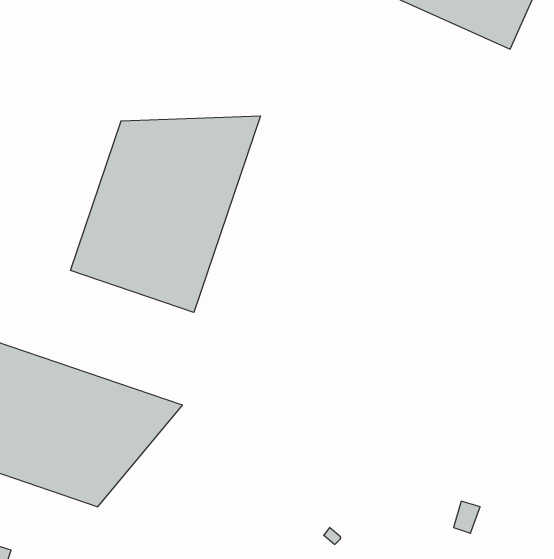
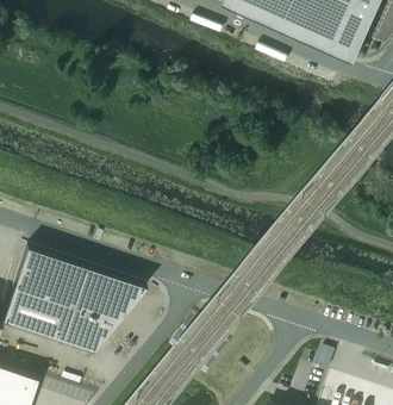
building: [71,116,261,312] -> none

